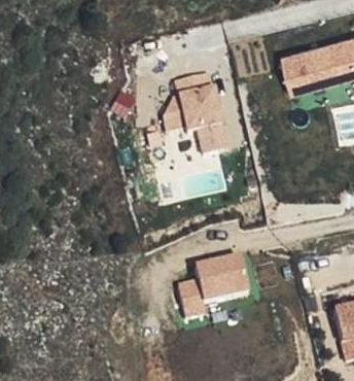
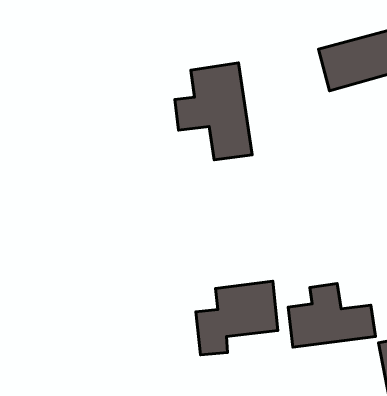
building: none -> [288,283,376,347]

